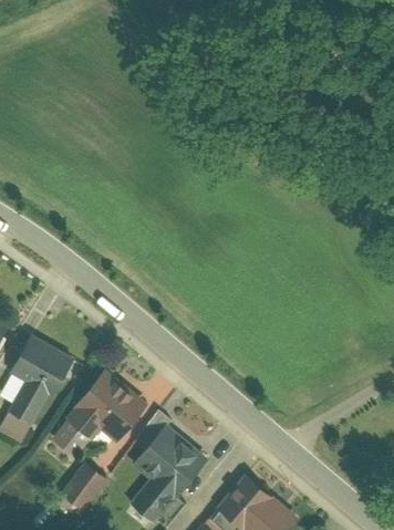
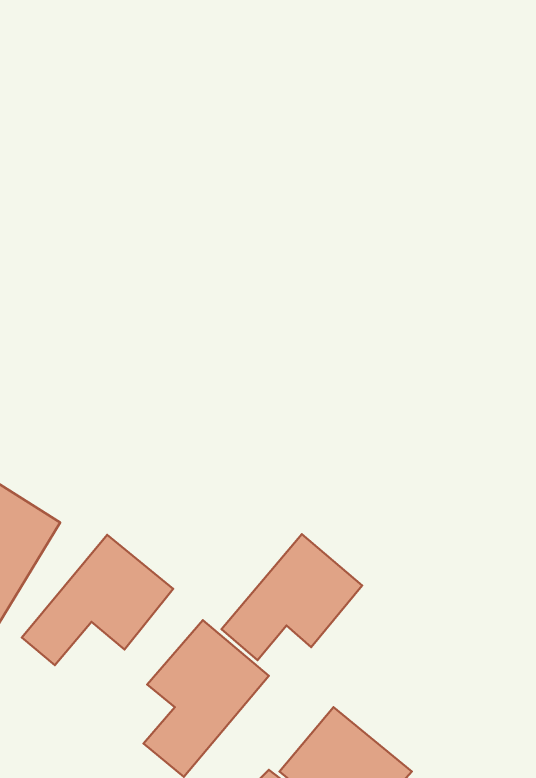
building: none -> [221,534,362,660]
building: [63,463,107,509] -> none

